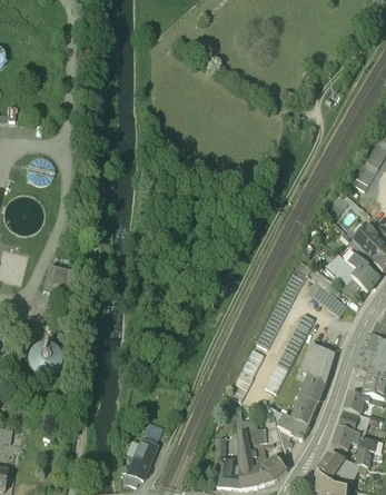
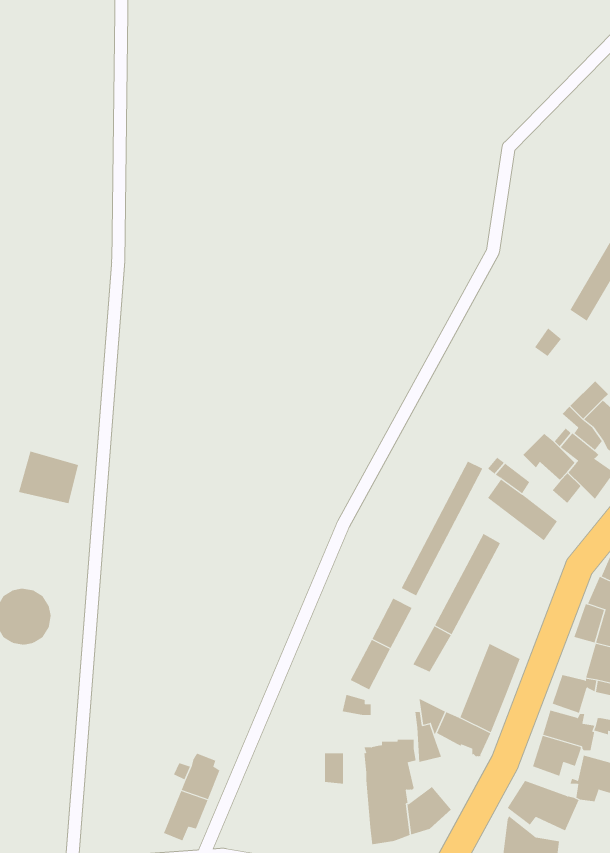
building: [304,341,335,383] -> none
building: [216,458,241,488] -> none

